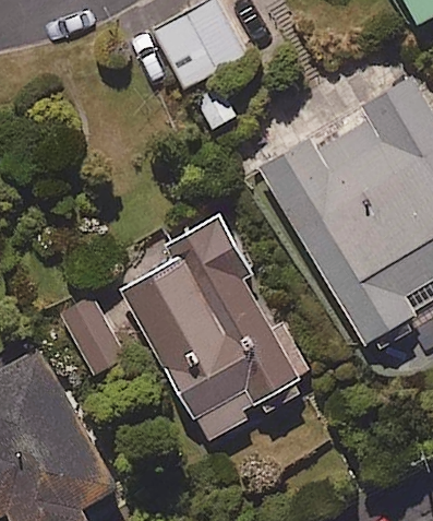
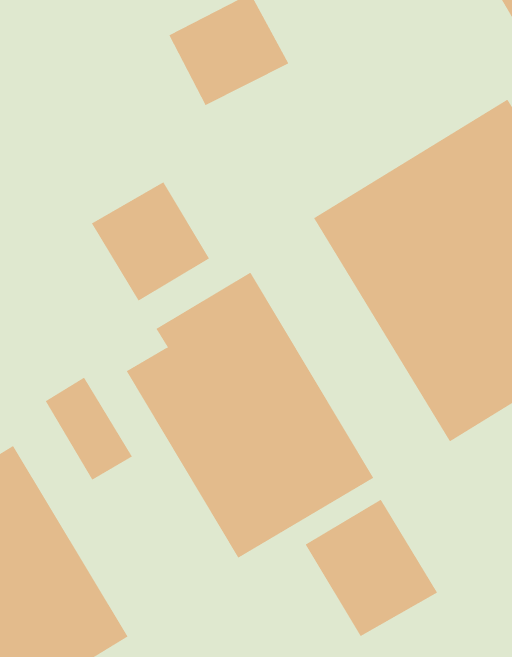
building: none -> [91,182,210,301]
building: none -> [305,499,438,637]

